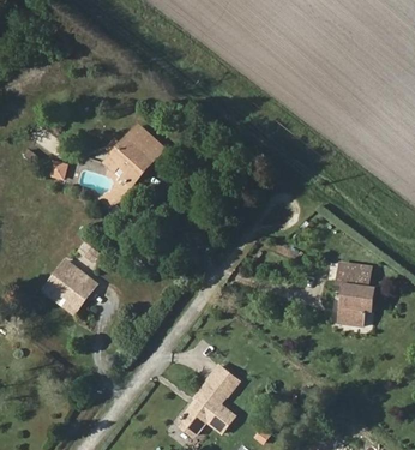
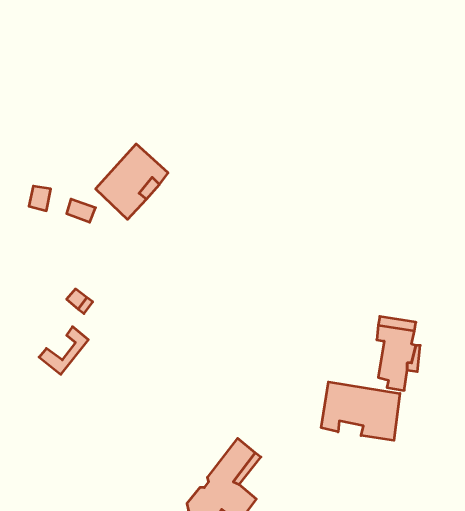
building: [44,260,86,301] -> none
building: none -> [321,382,400,440]

